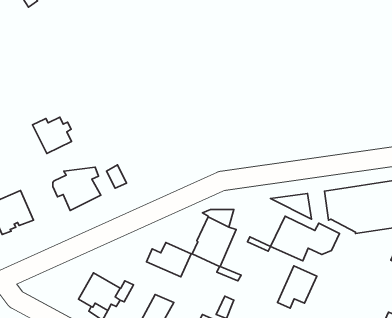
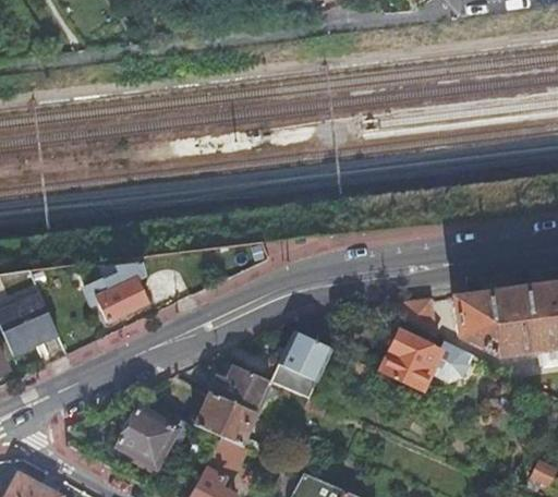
building: [32,117,71,154] -> none
building: none -> [196,392,268,456]
building: [278,266,317,308] -> none

